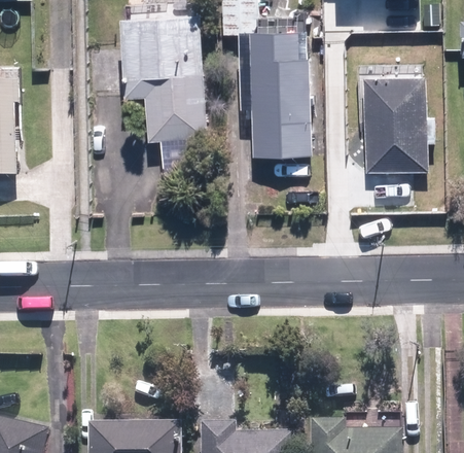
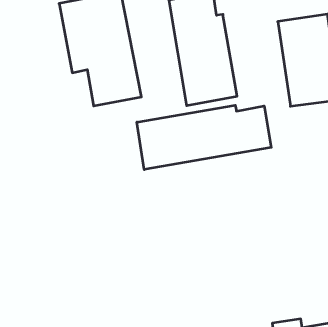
building: none -> [137,105,271,170]

